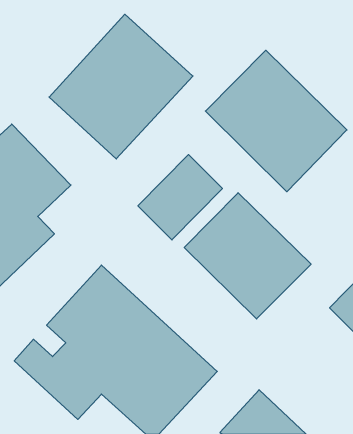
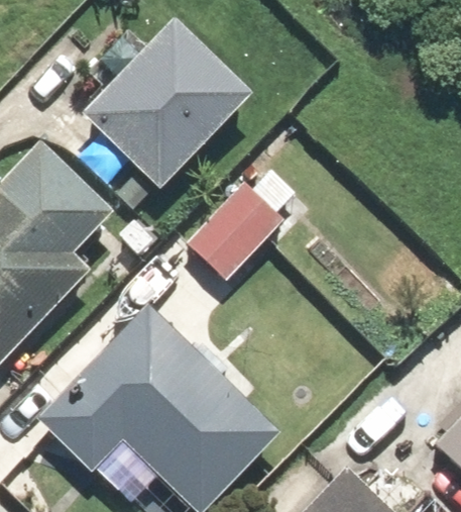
building: [205,50,347,192] -> none
building: [184,193,311,319] -> none

